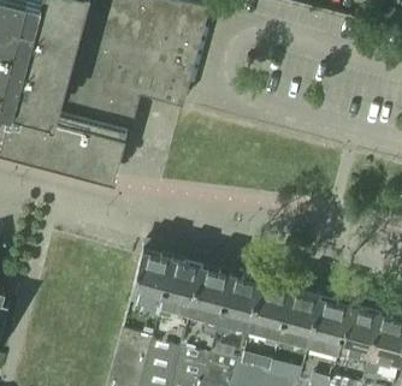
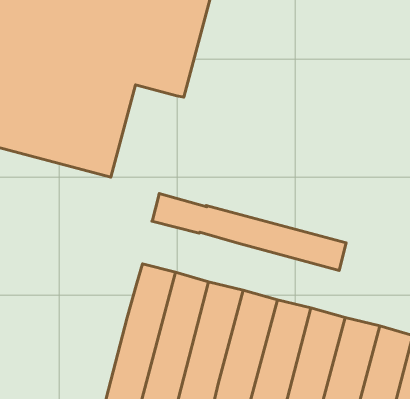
building: none -> [152,193,346,271]

